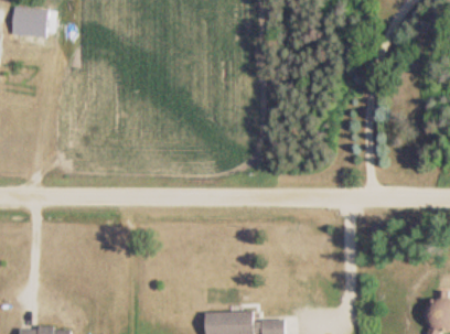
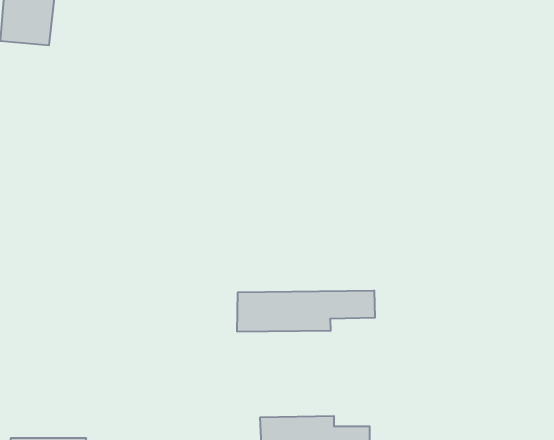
building: none -> [237,290,375,332]

